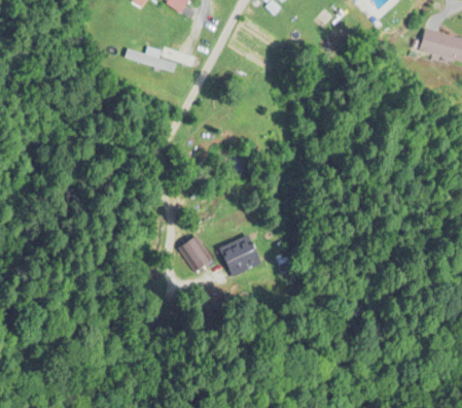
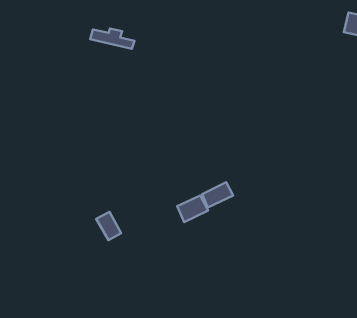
building: none -> [202,182,233,208]
building: [182,237,211,270] -> [96,212,121,240]

